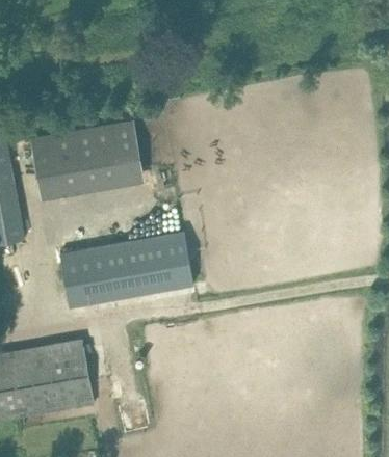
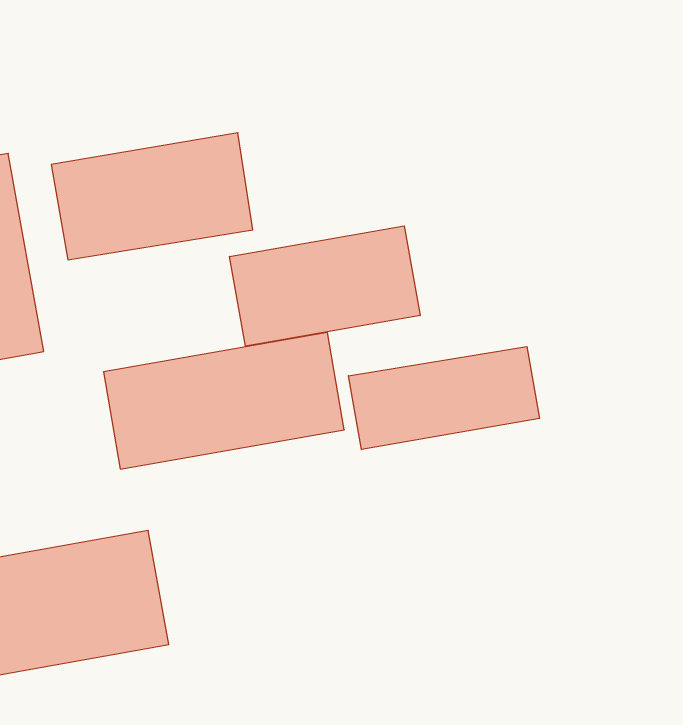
building: none -> [230,226,420,346]
building: none -> [348,347,539,450]

